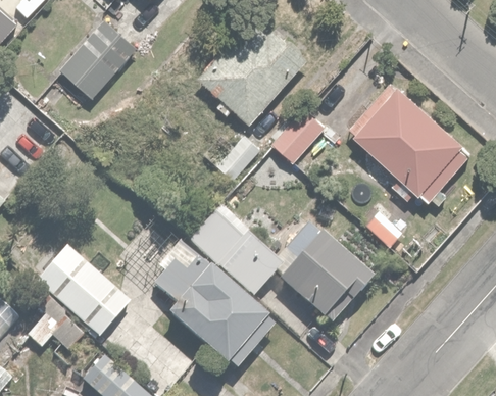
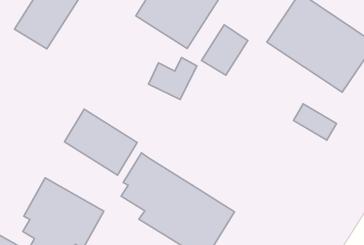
building: [190,208,274,290] -> [64,109,137,175]
building: [271,222,370,314] -> none

